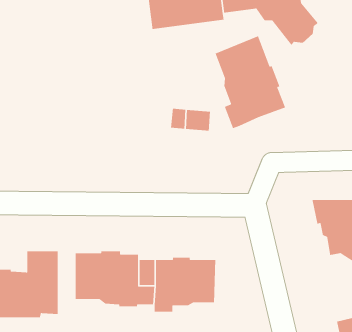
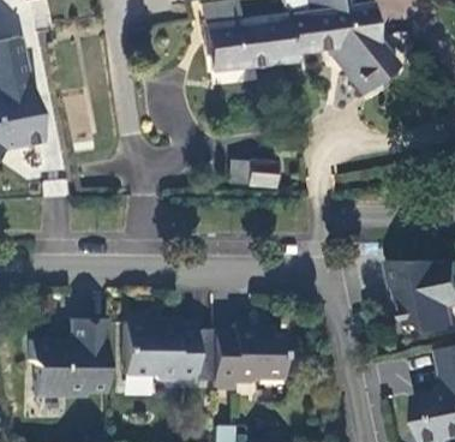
building: [215,35,286,129] -> none

